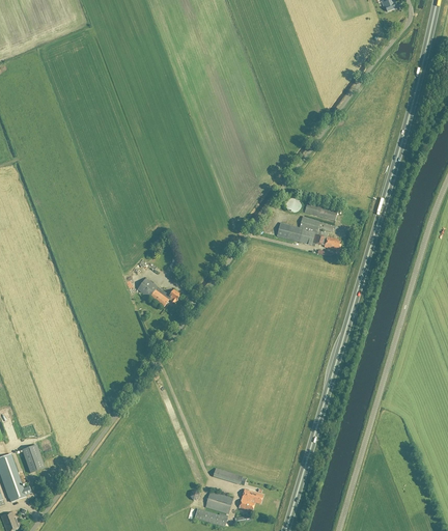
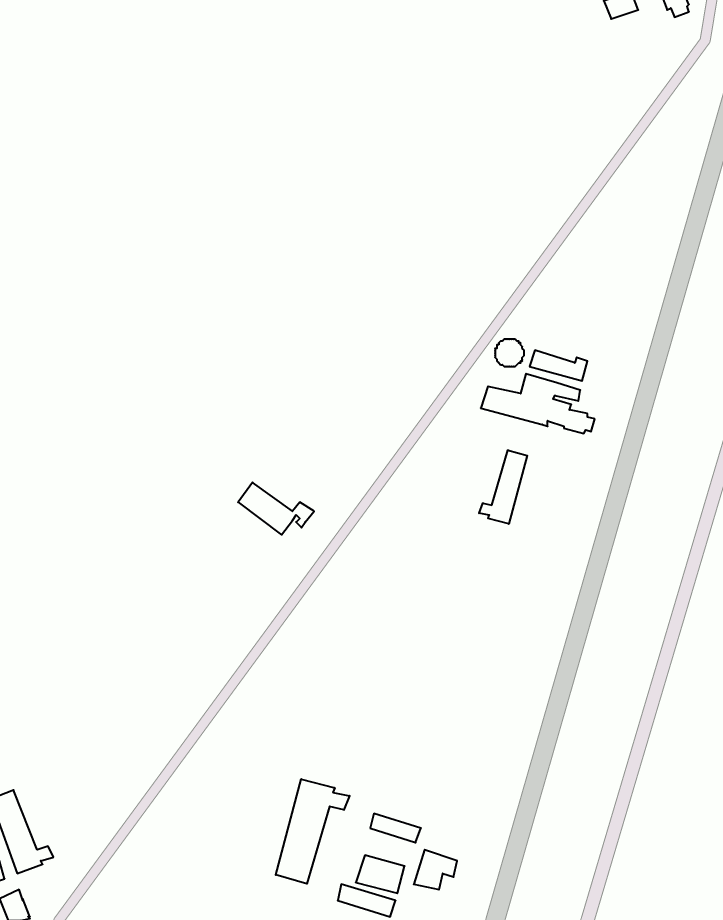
building: none -> [479,450,527,524]
building: [21,443,44,472] -> none
building: none -> [276,779,350,884]

